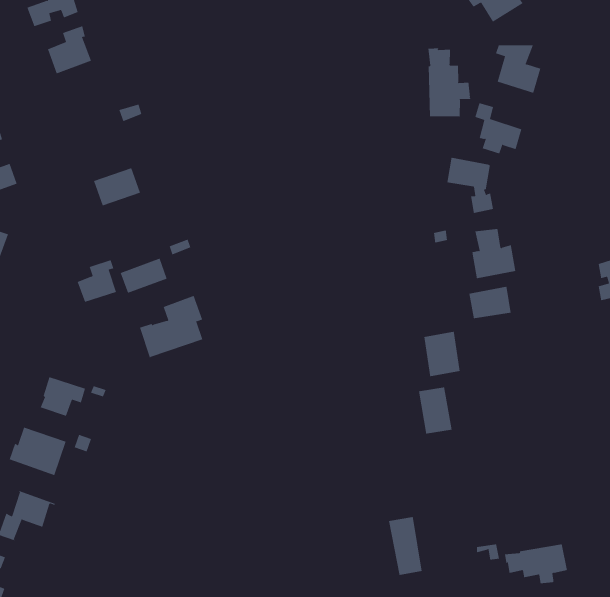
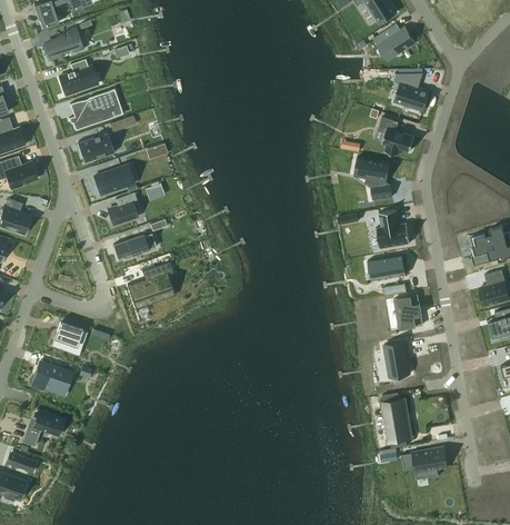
building: [428,47,471,117] -> none
building: none -> [68,89,116,130]
building: none -> [77,132,113,162]
building: [77,260,117,303] -> [107,192,137,225]
building: [424,331,461,377] -> [393,295,421,329]
building: [418,387,452,434] -> [383,341,409,377]
building: [388,516,422,576] -> [381,398,407,443]

